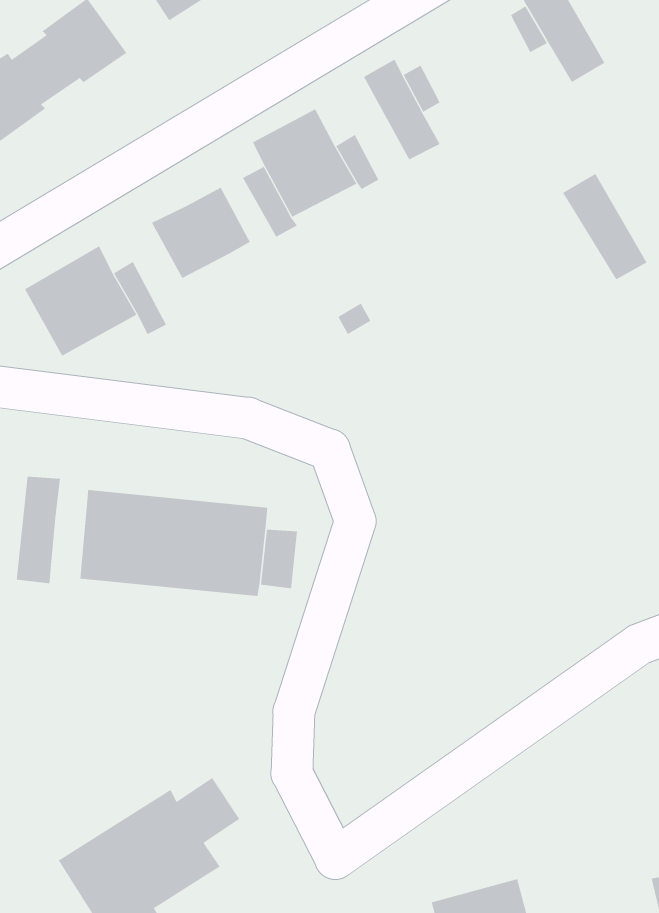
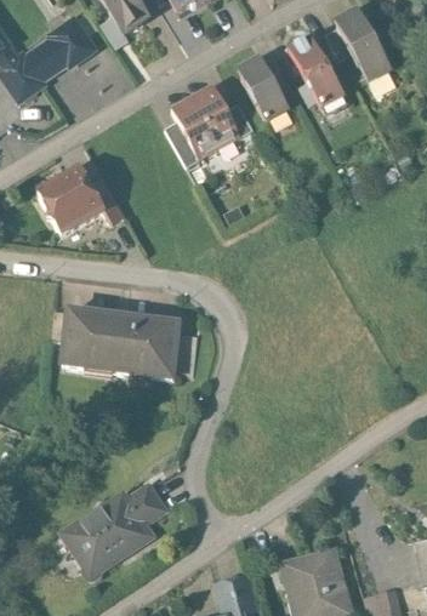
building: [562,173,648,280] -> [287,29,340,95]
building: [151,187,250,279] -> none
building: [16,476,60,584] -> none

